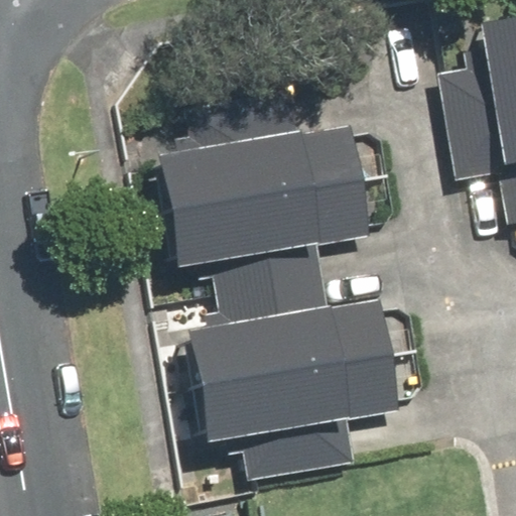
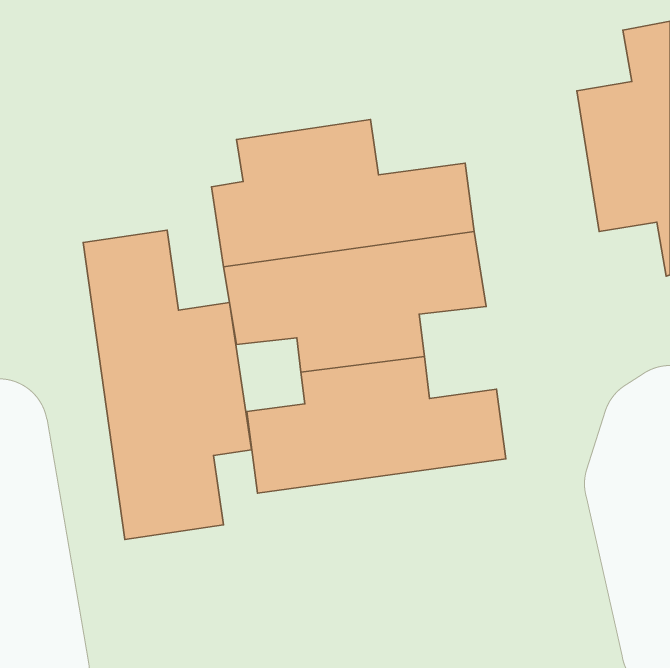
building: none -> [83,230,252,540]
building: [198,355,396,478] -> none

